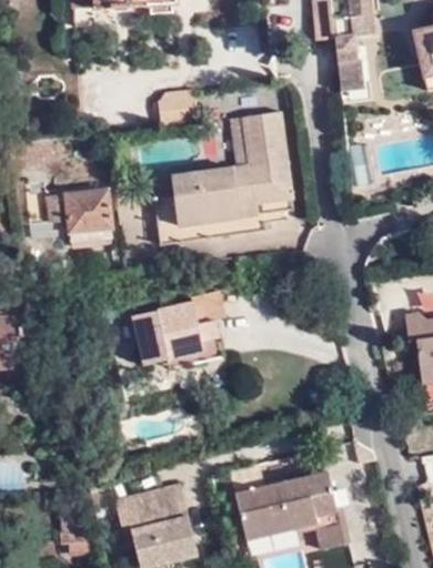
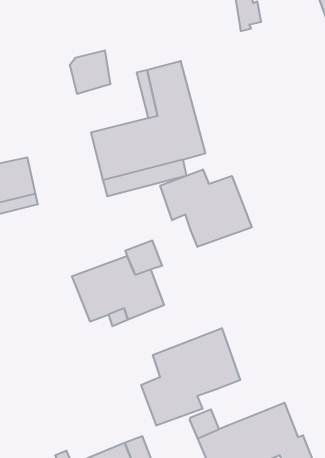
building: none -> [160,169,252,247]
building: none -> [141,328,240,426]

